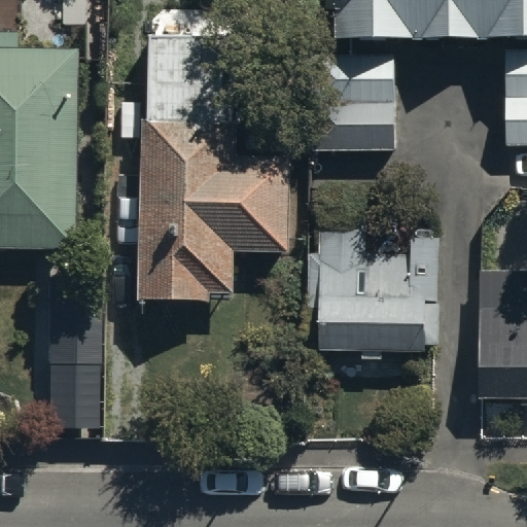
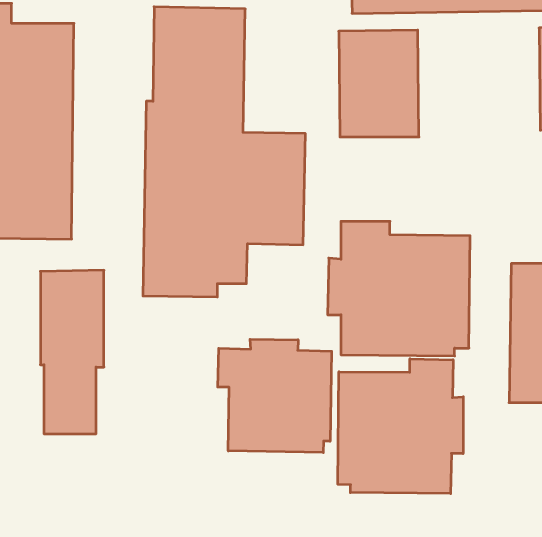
building: none -> [218,339,332,453]
building: none -> [338,359,463,494]

